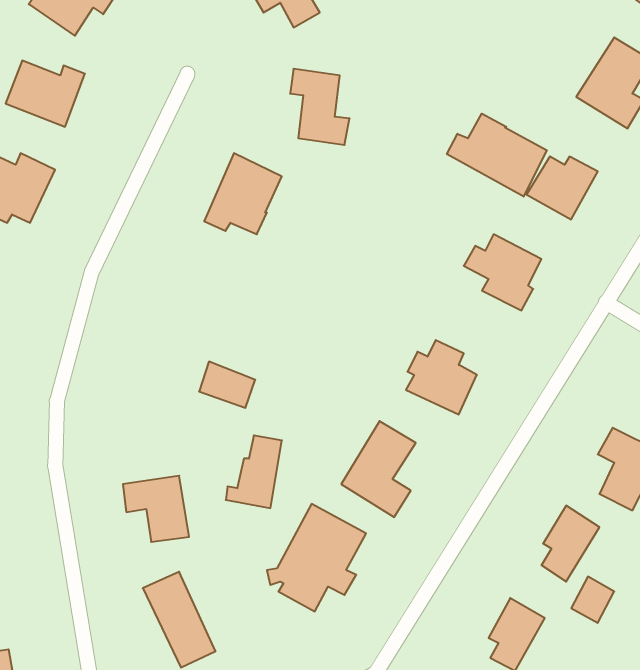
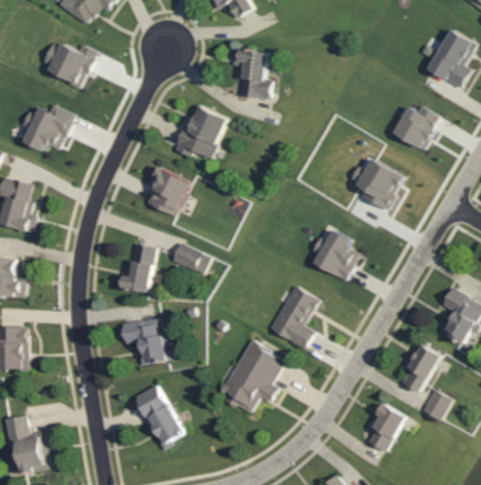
building: [447,114,547,197] -> none
building: none -> [146,166,190,216]
building: [226,435,282,508] -> [117,244,155,293]

